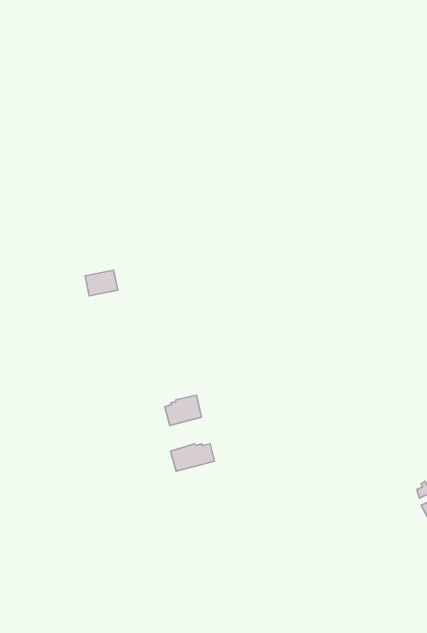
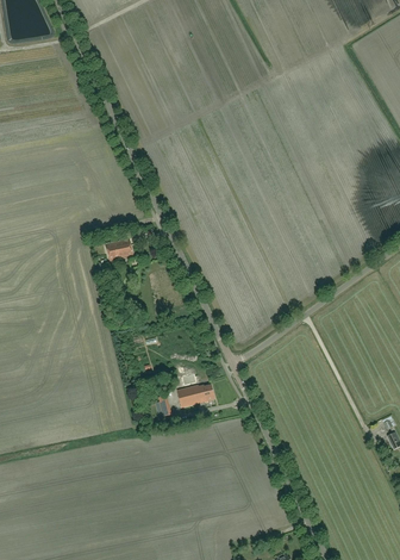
building: [165,395,202,425] -> none

